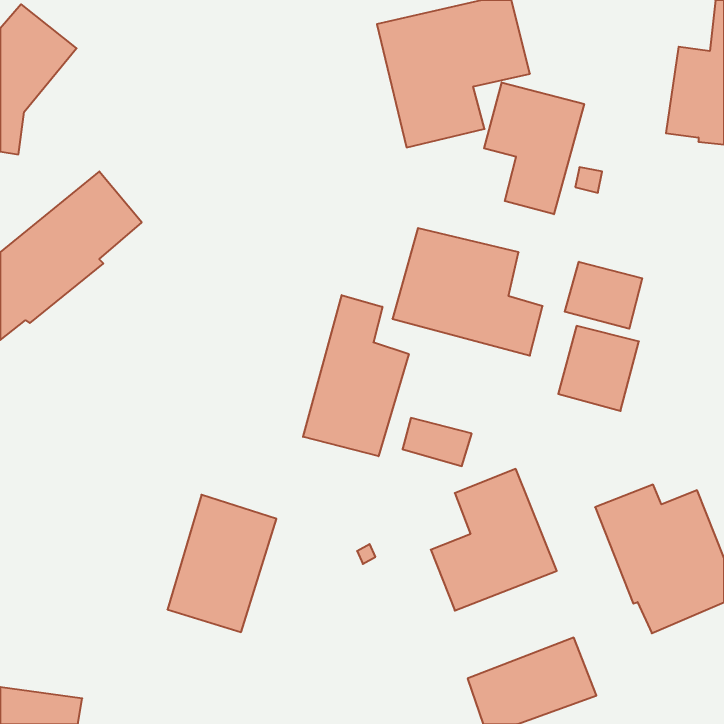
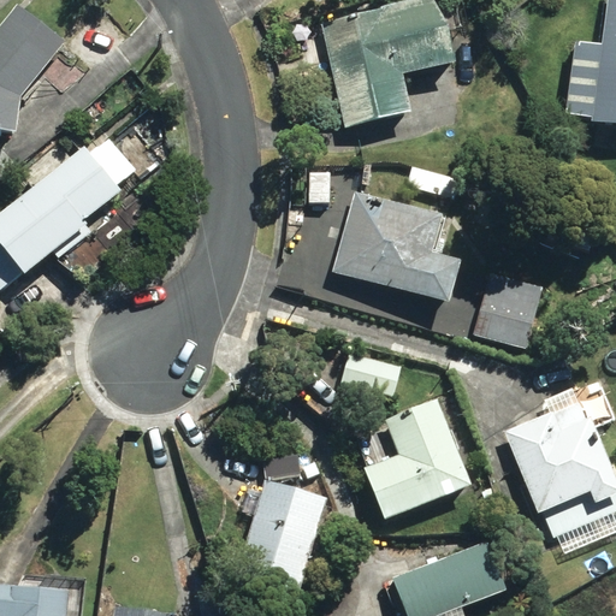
building: [484,82,584,214] -> none
building: [565,262,642,329] -> none
building: [303,295,409,456] -> none
building: [167,495,276,632] -> [235,479,327,596]

